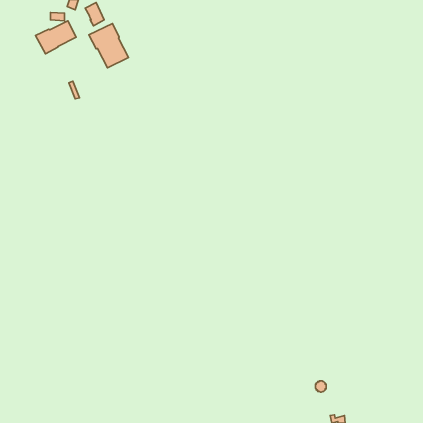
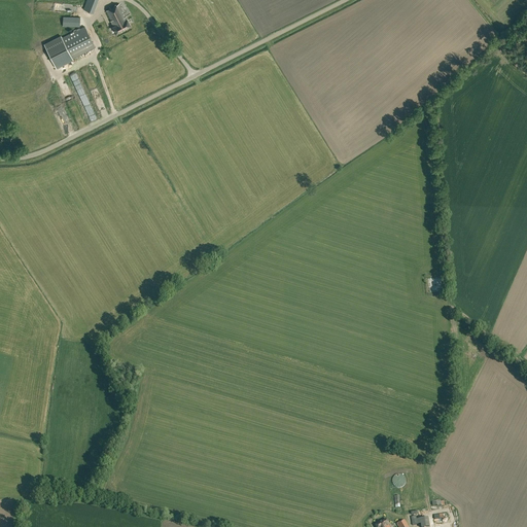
building: [89,24,128,68] -> none

